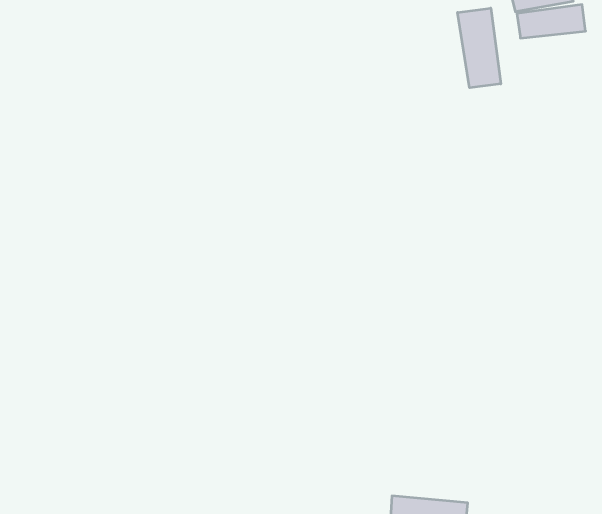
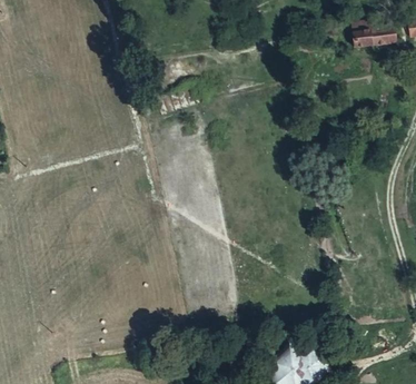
building: [458,8,501,88] -> none

